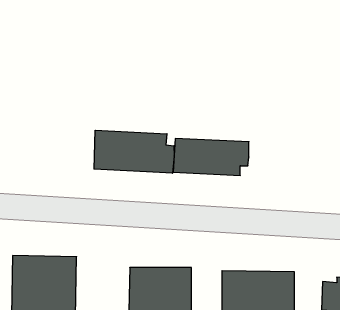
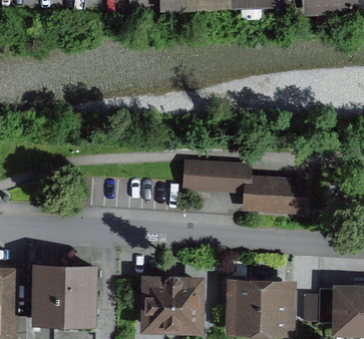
building: [94,130,174,173] -> none
building: none -> [244,176,305,211]

